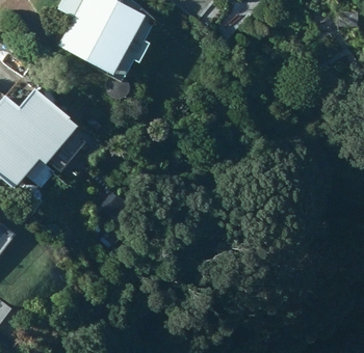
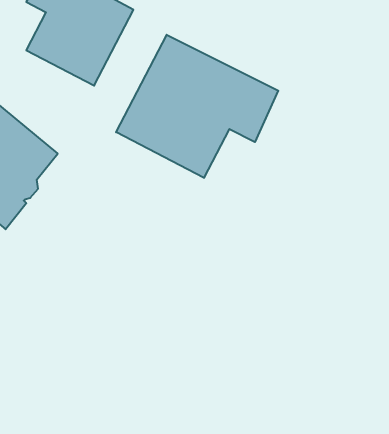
building: none -> [116,35,278,178]

